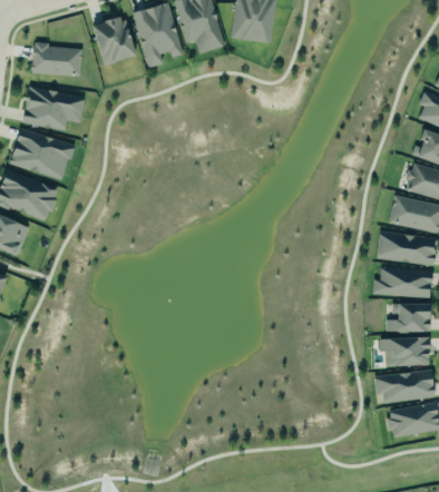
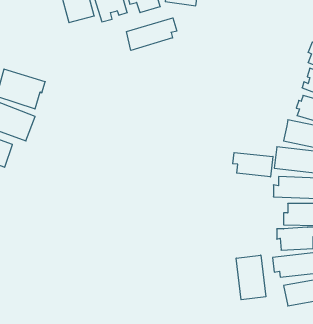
building: [33,47,84,77] -> none
building: none -> [127,18,177,50]
building: [21,86,84,130] -> none
building: none -> [233,153,273,177]
building: none -> [236,255,266,300]

